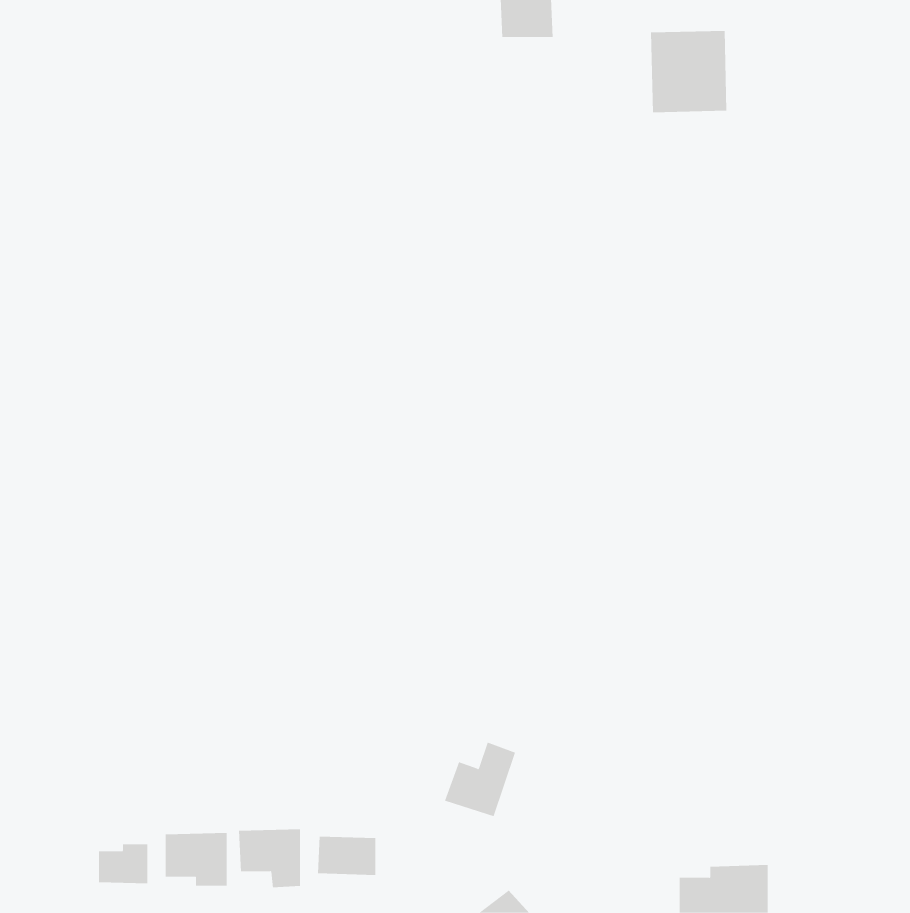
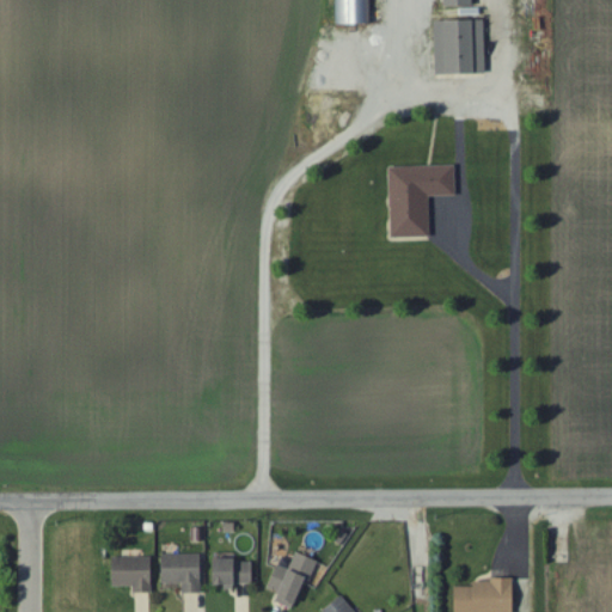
building: none -> [387,166,454,237]
building: [444,742,516,817] -> [265,551,313,601]
building: [99,844,148,884] -> none

